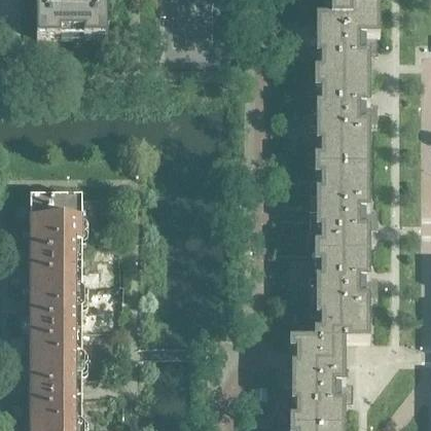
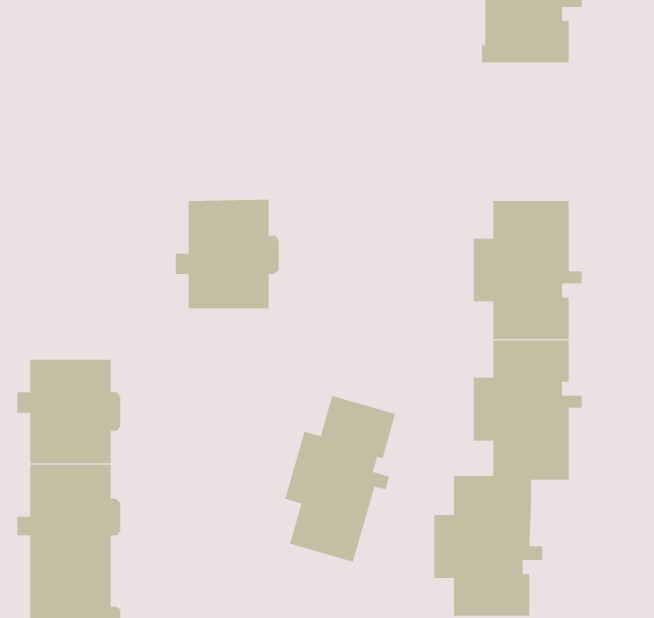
building: [314,77,378,164] -> none
building: [22,194,87,263] -> [175,199,279,309]
building: none -> [285,395,396,562]

